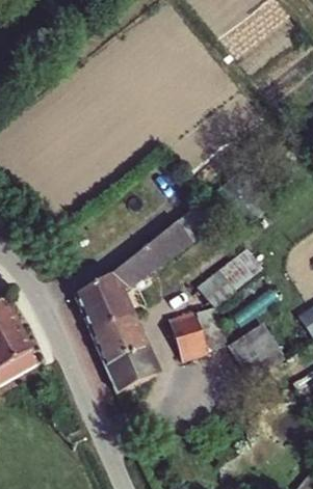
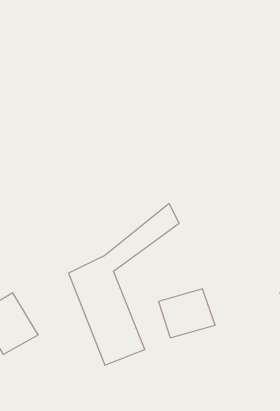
building: [200,243,267,307] -> none
building: [232,322,287,376] -> none

